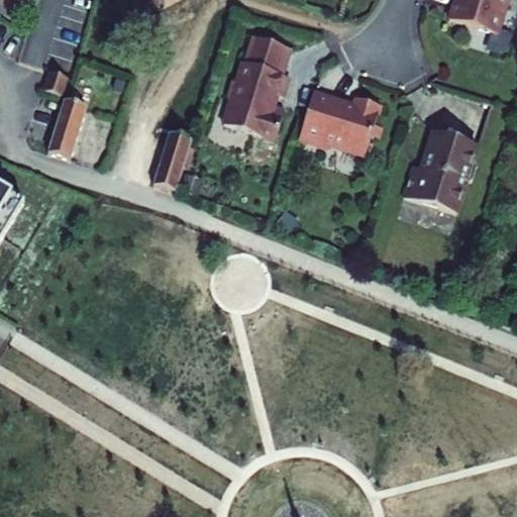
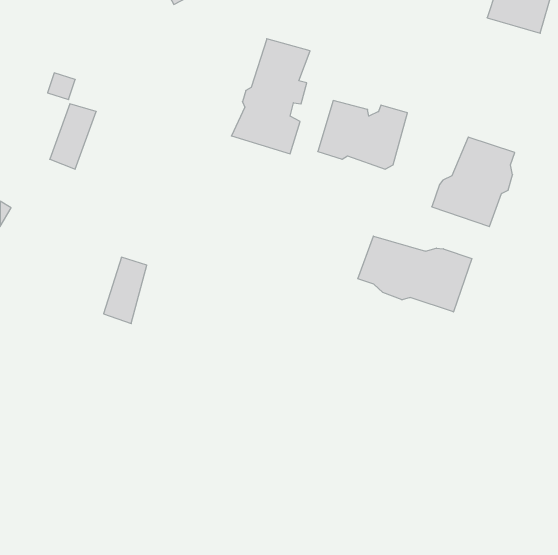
building: [149,135,189,196] -> [104,257,147,324]
building: none -> [358,236,472,312]

